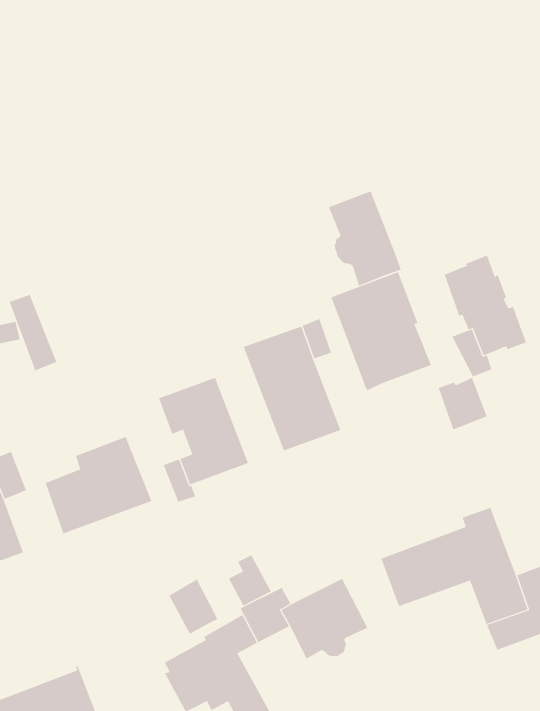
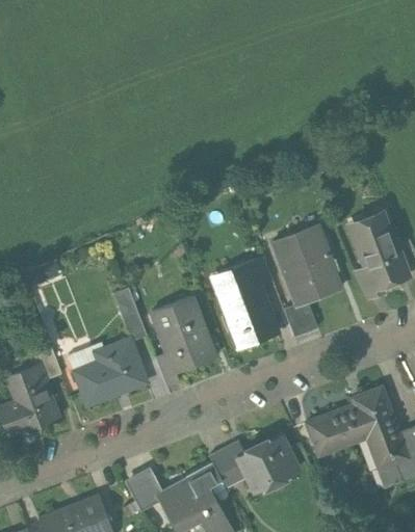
building: [328,191,401,286] -> none
building: [9,294,57,371] -> [113,288,147,341]
building: [438,377,488,430] -> [283,301,317,338]
building: [228,555,272,607] -> none
building: [168,579,218,635] -> [125,472,159,510]

